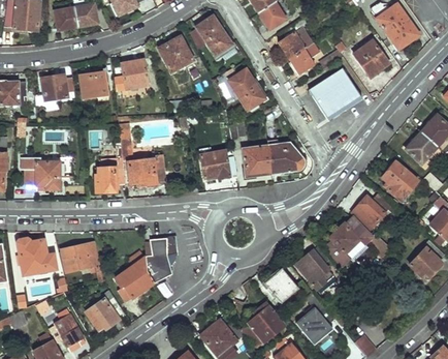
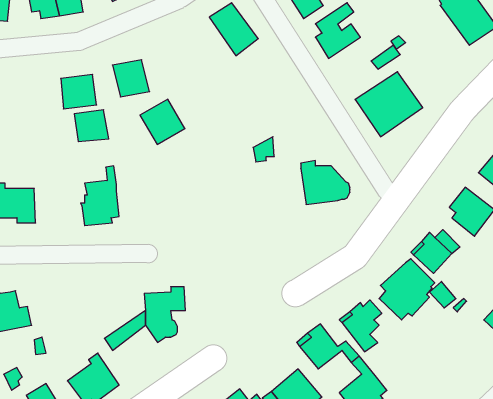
building: [157,37,192,72] -> [140,99,185,144]
building: [355,40,389,77] -> none
building: [288,42,319,76] -> none
building: [229,70,264,111] -> none
building: [41,76,68,100] -> [74,110,109,142]
building: [243,146,270,176] -> none
building: [200,150,230,179] -> none
building: [128,159,157,186] -> none
building: [63,244,102,280] -> none
building: [117,268,155,301] -> none

